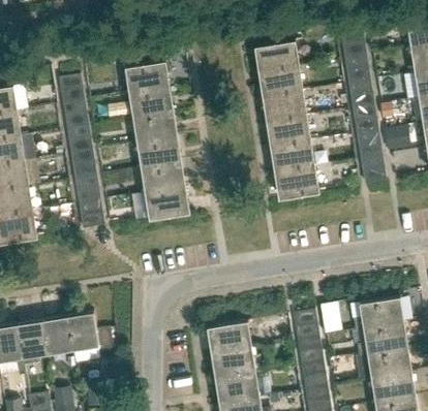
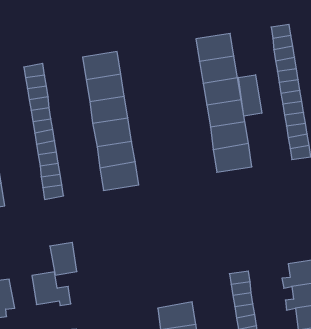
building: none -> [238,75,262,116]
building: [41,318,72,355] -> [50,242,77,275]
building: [206,322,250,355] -> none

